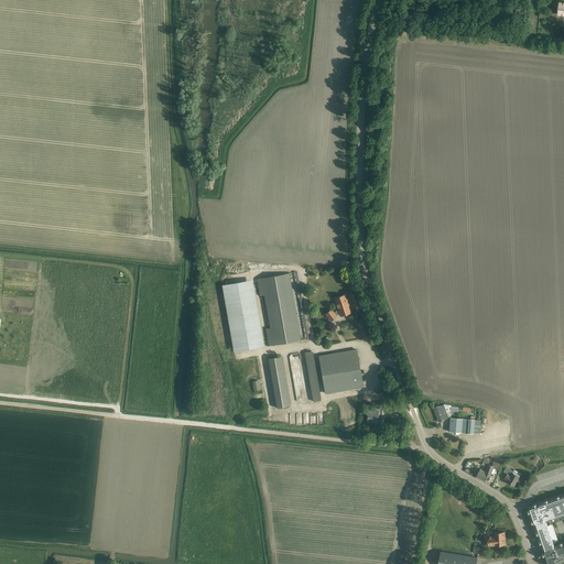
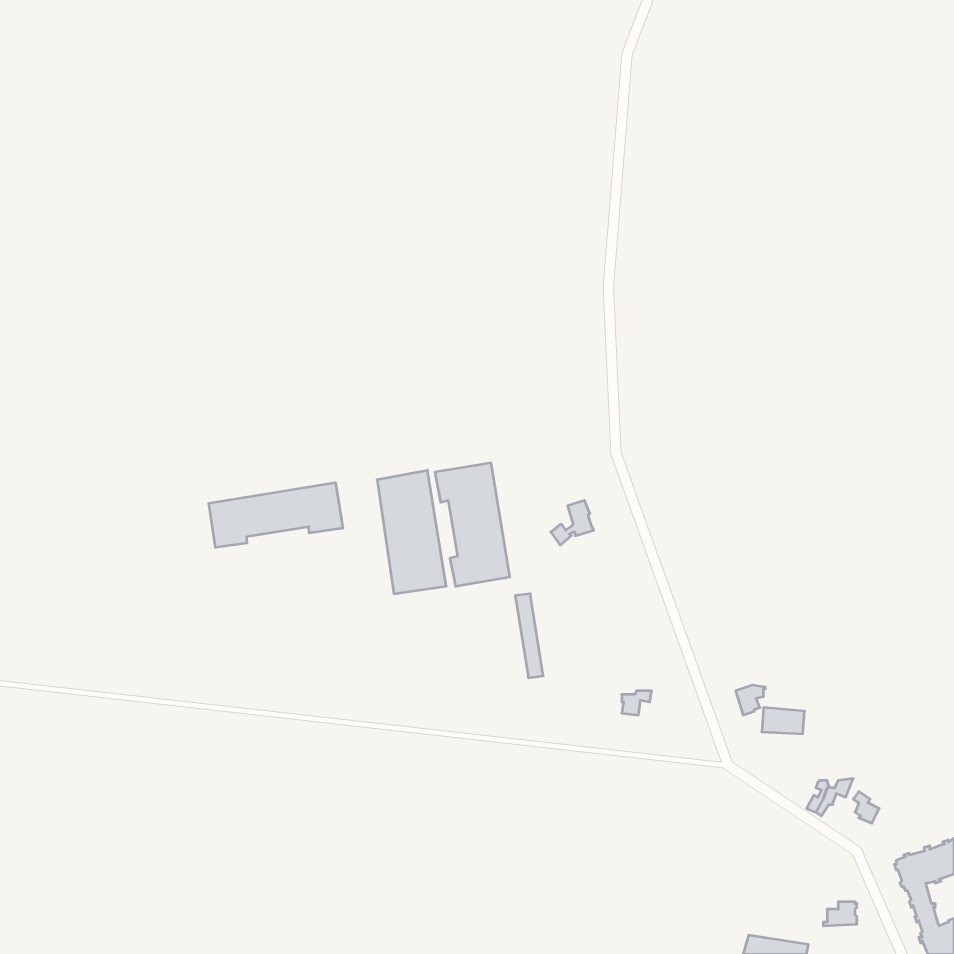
building: none -> [209,483,343,547]
building: [318,349,364,393] -> none
building: [268,355,294,406] -> none

